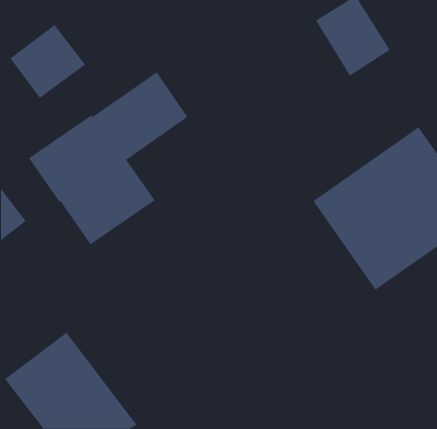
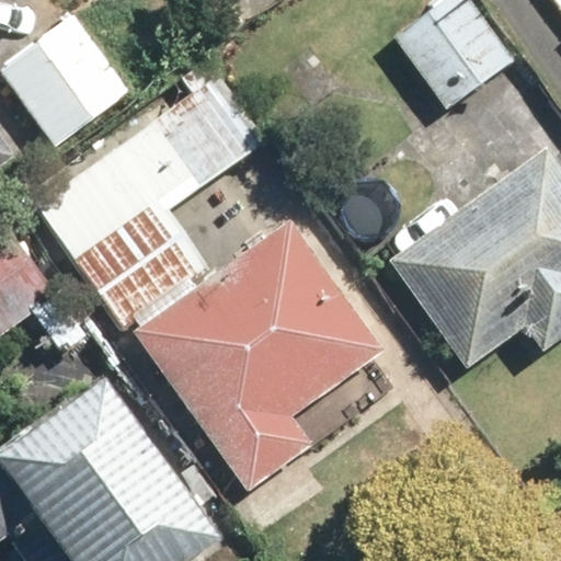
building: none -> [153,237,375,453]

